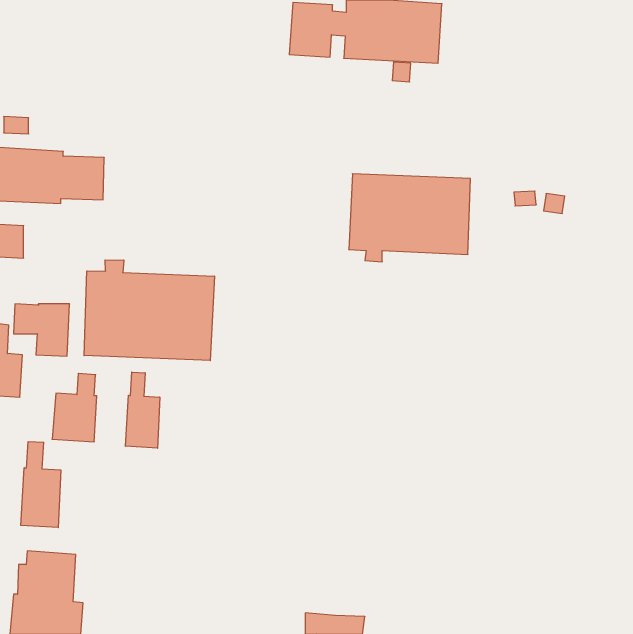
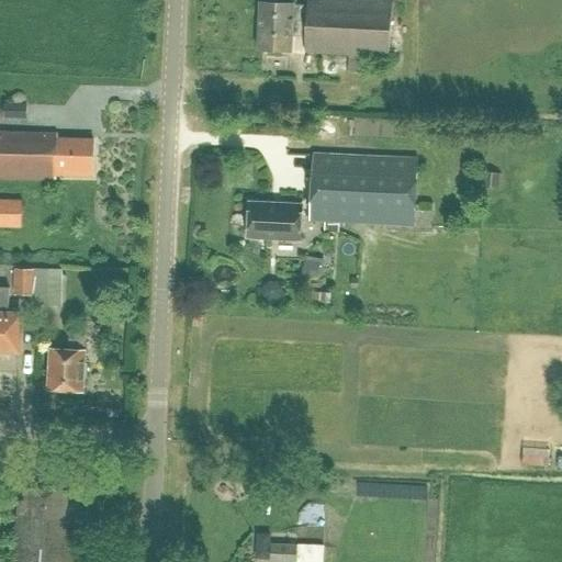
building: none -> [247,202,301,239]
building: [84,260,214,361] -> none
building: [125,372,160,448] -> none
building: [21,442,61,528] -> none

